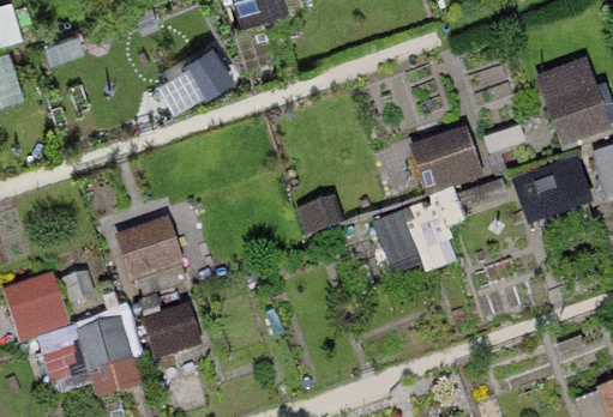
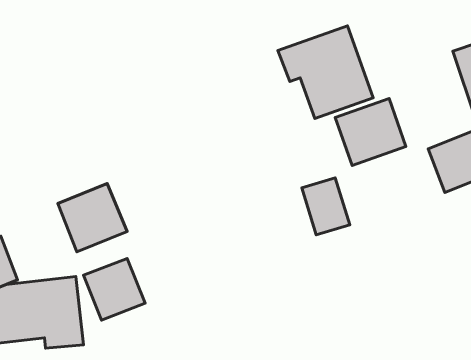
building: none -> [278,26,373,119]

